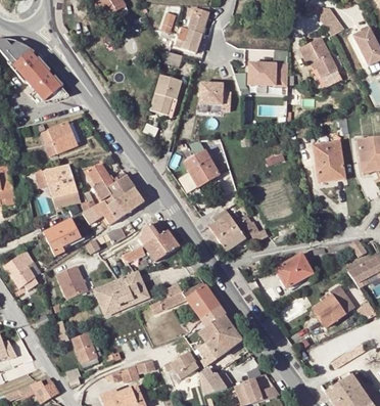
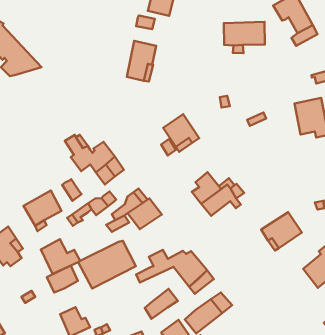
building: [200,83,232,110] -> none
building: [42,121,81,155] -> none
building: [36,164,79,207] -> none
building: [94,196,124,224] -> none
building: none -> [47,265,78,292]
building: [198,314,231,343] -> [145,289,178,319]

